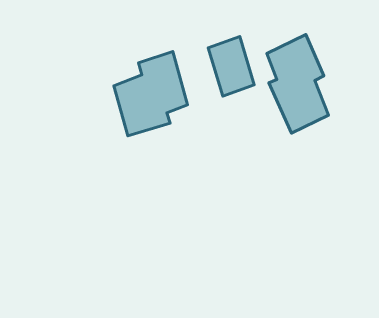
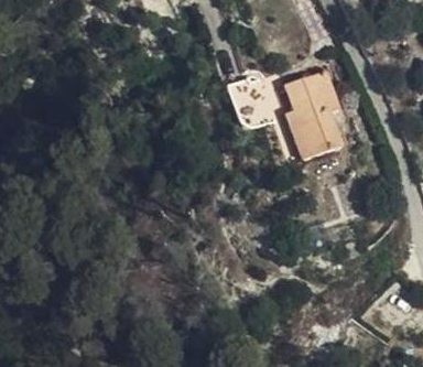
building: [114,52,188,136] -> none

